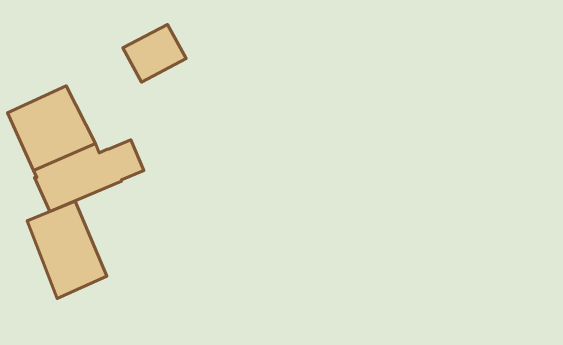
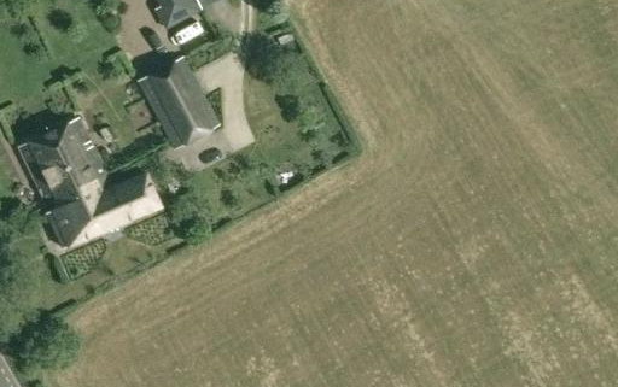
building: none -> [157,92,220,149]
building: [27,201,107,298] -> none

